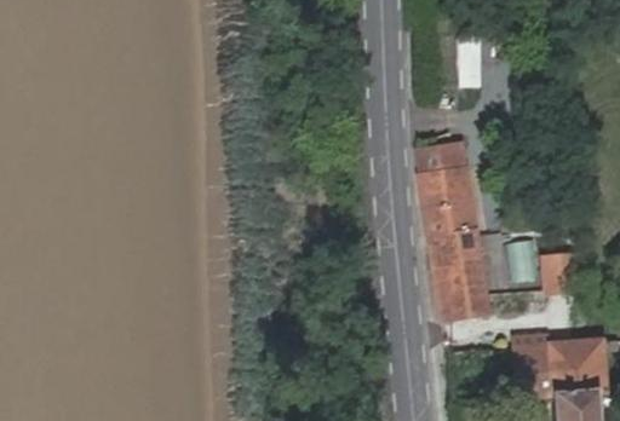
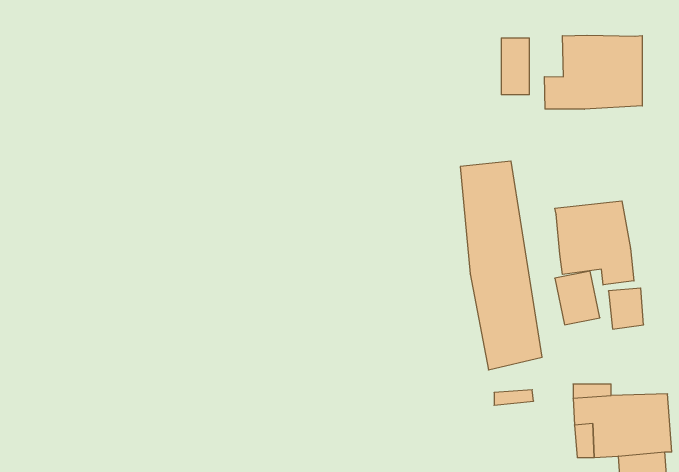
building: none -> [545,35,642,109]
building: none -> [555,201,634,285]

